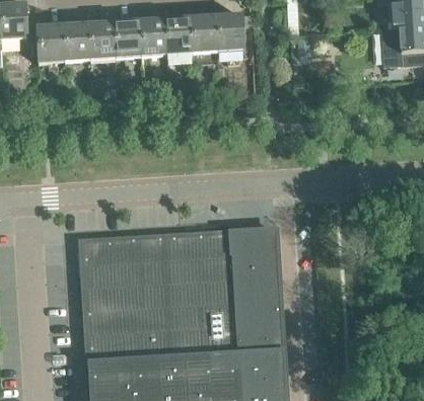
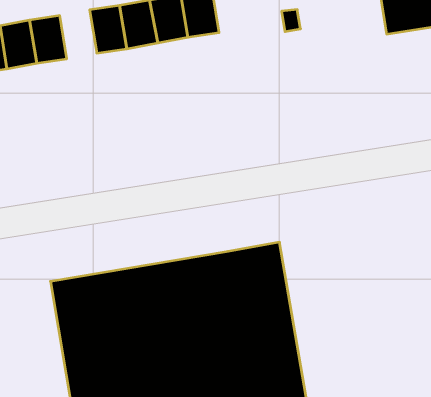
building: [113,18,140,57] -> none

